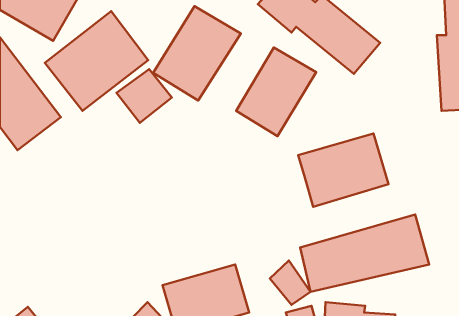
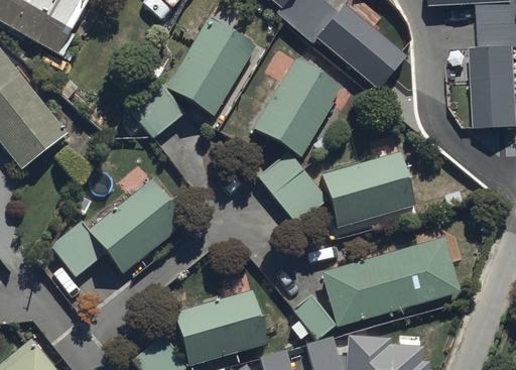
building: [45,11,148,111] -> none
building: none -> [258,151,327,224]
building: none -> [47,176,188,279]

